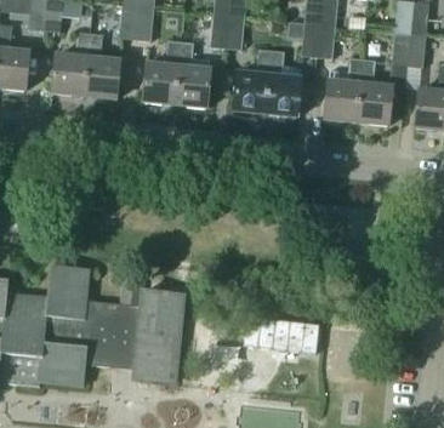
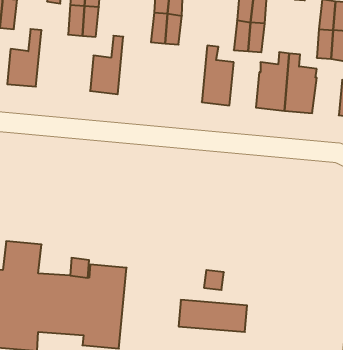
building: [84,34,118,99] -> none
building: [173,41,209,107] -> none
building: [234,50,272,113] -> none

